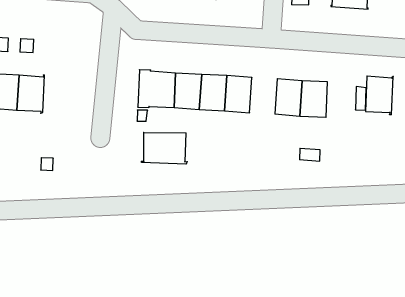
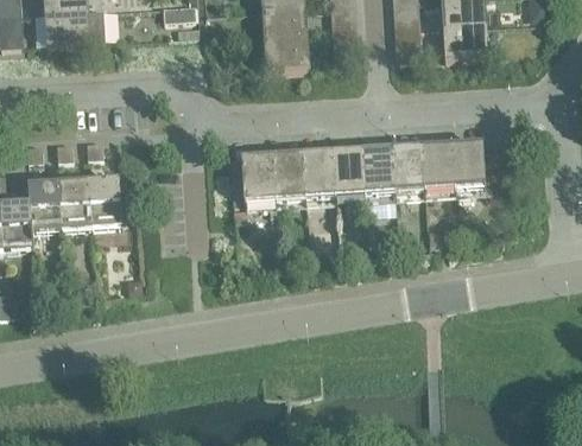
building: [366,76,393,115] -> [451,139,486,184]
building: none -> [362,146,394,190]
building: [141,132,187,164] -> none

